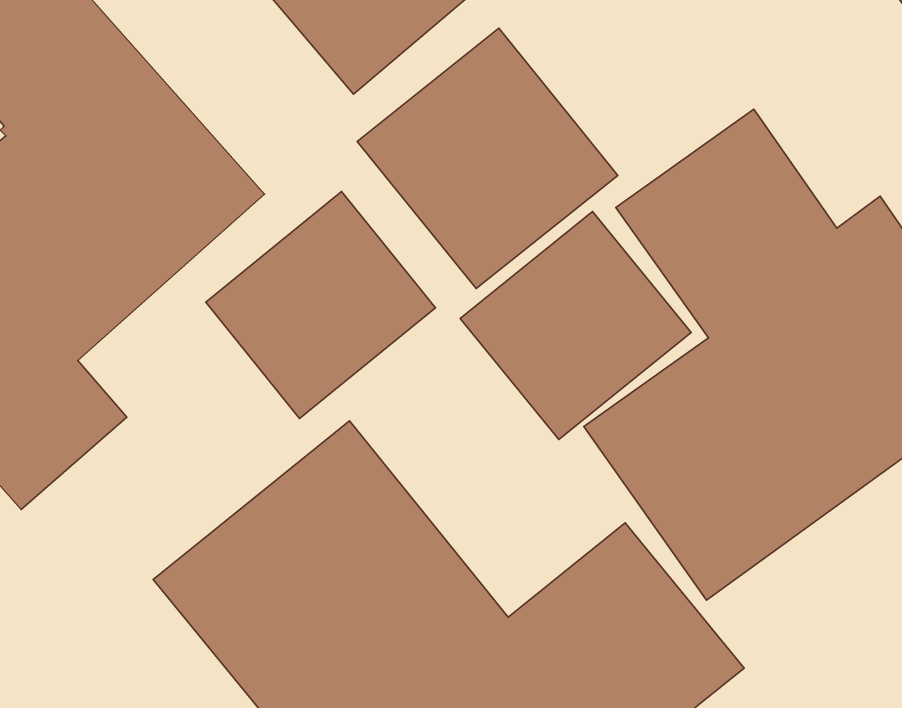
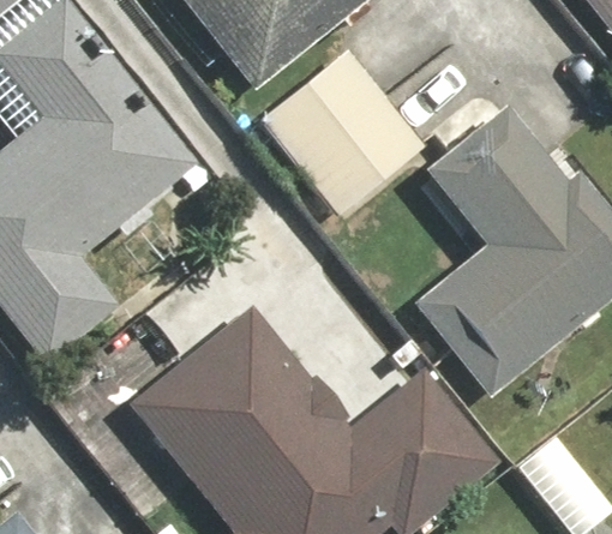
building: [206,192,435,418] -> none
building: [460,212,691,439] -> none

